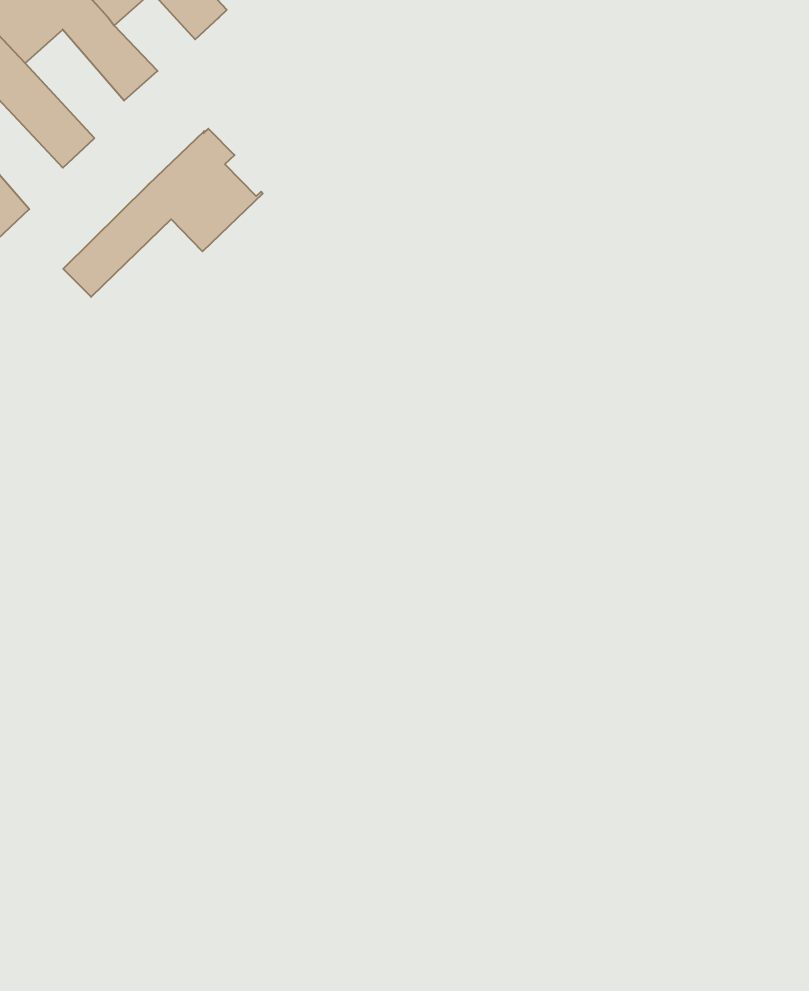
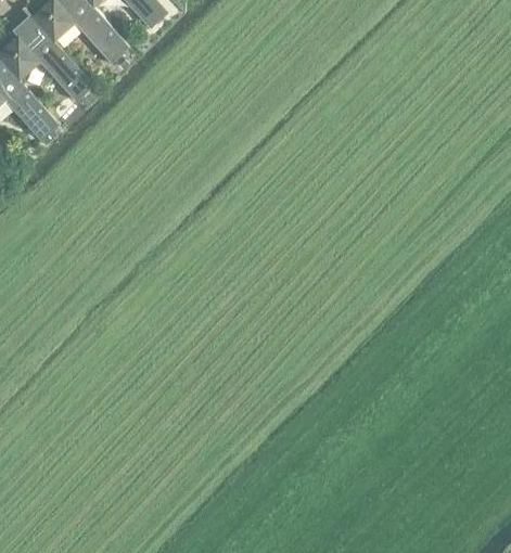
building: [63,129,263,297] -> none

